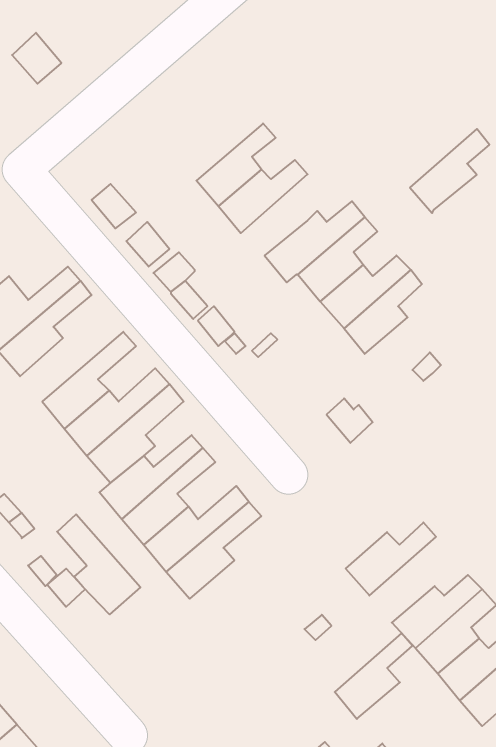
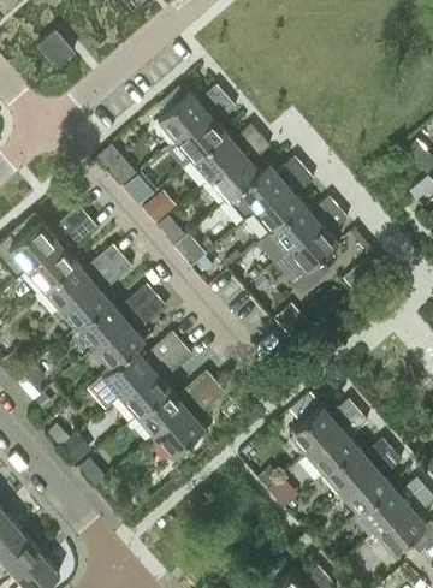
building: none -> [158,87,226,142]
building: [410,129,489,213] -> [209,137,269,201]
building: none -> [42,245,120,309]
building: [57,514,140,614] -> none
building: [335,633,413,719] -> [307,411,366,476]

